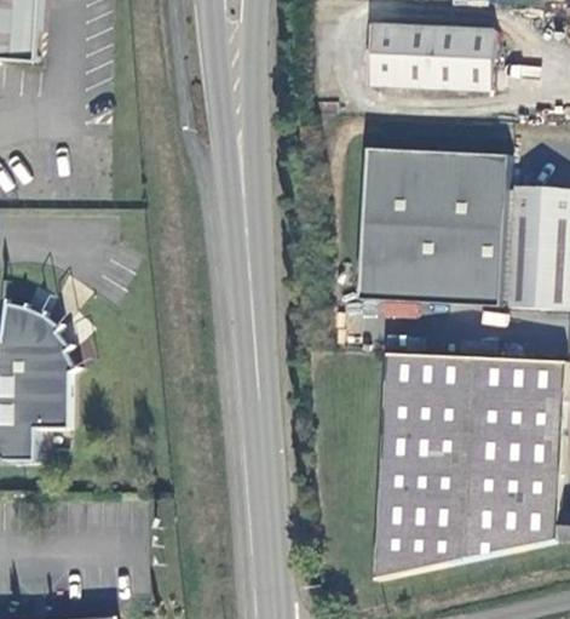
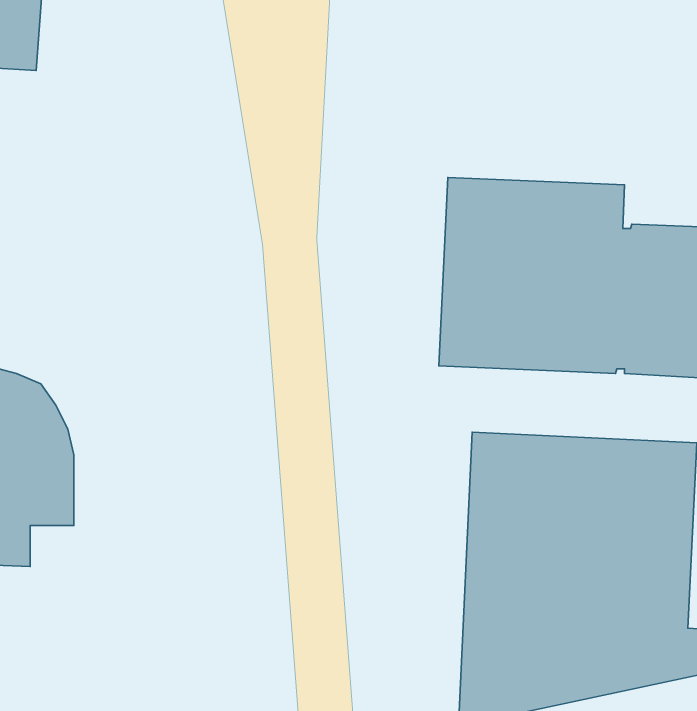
building: [369,22,493,86] -> none

